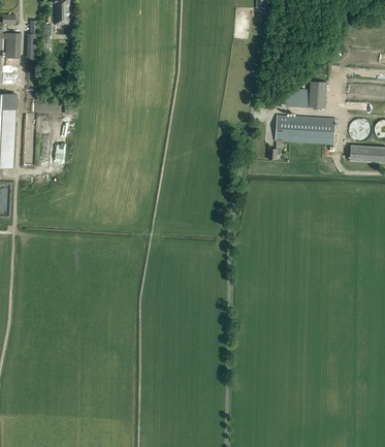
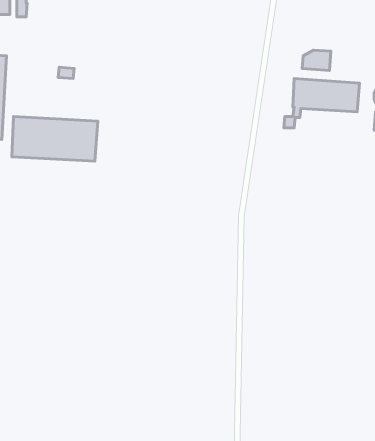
building: [308,82,325,108] -> none
building: none -> [12,116,98,161]

